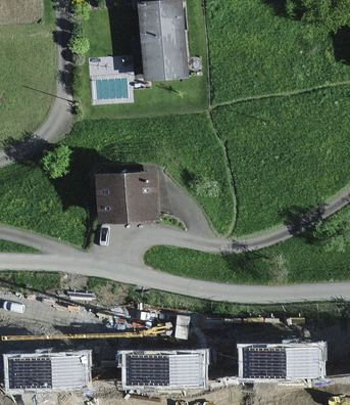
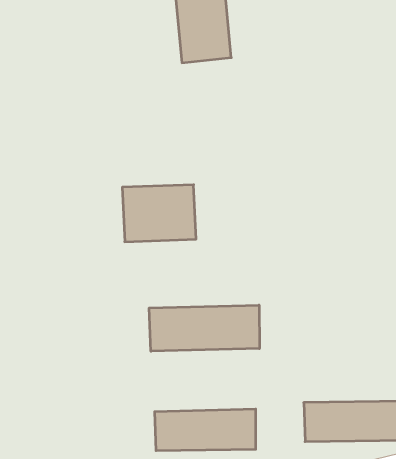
building: none -> [149,305,259,351]
building: [7,354,87,386] -> none

